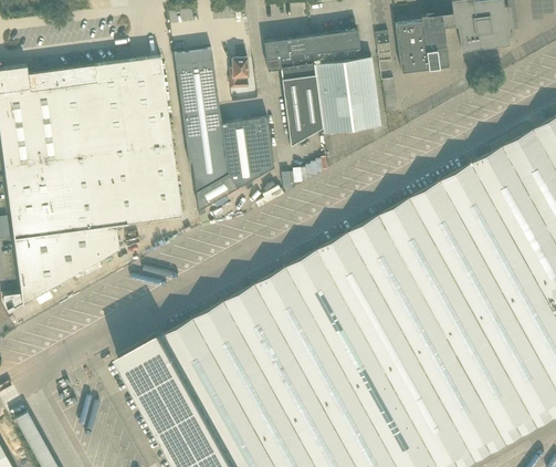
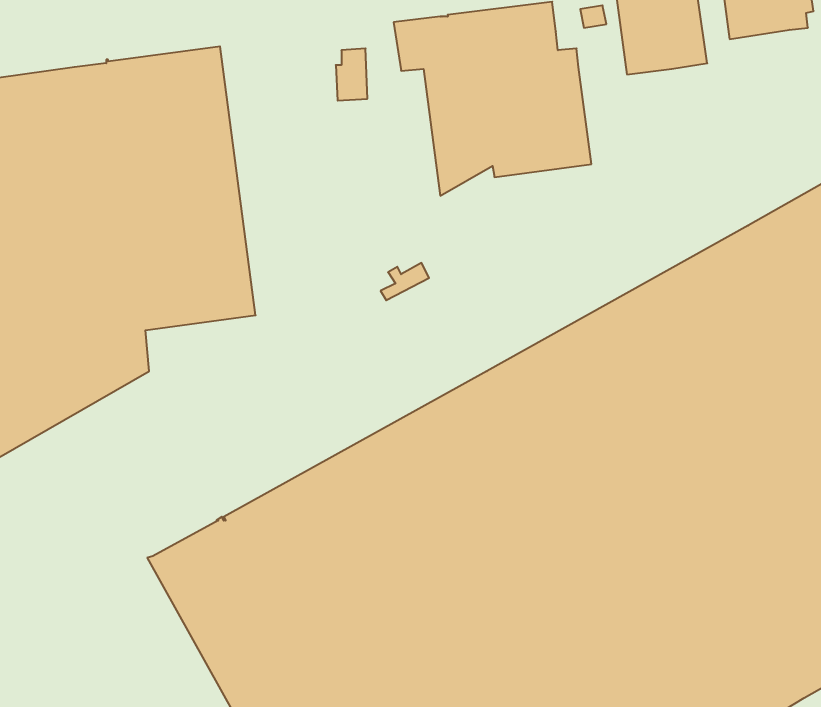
building: [174,50,272,218] -> none

